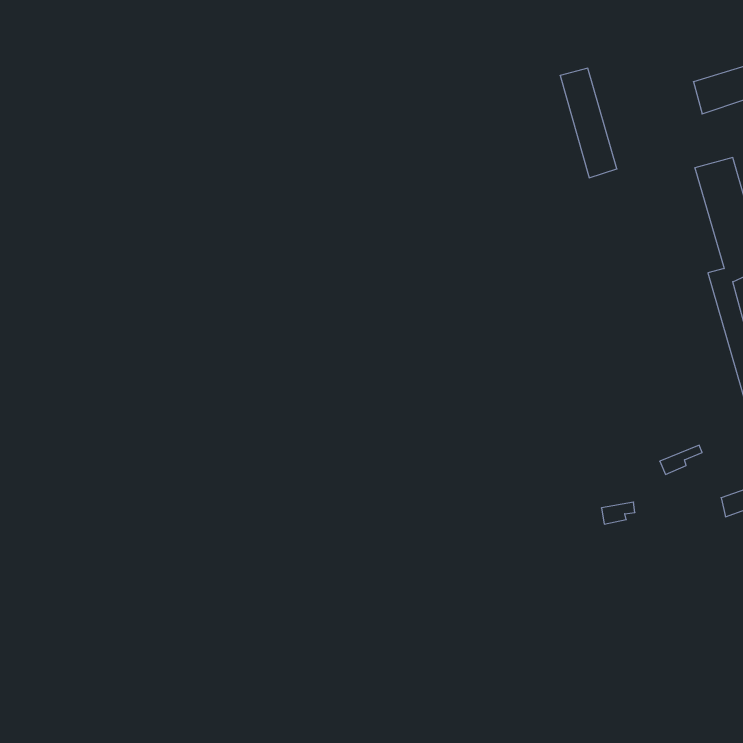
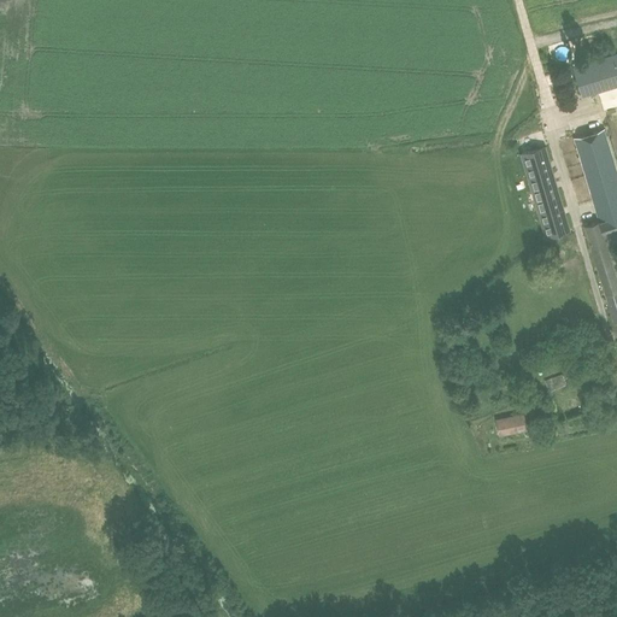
building: [560,68,617,178] -> [524,149,571,240]

